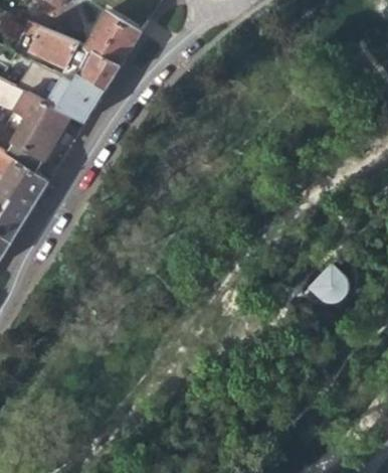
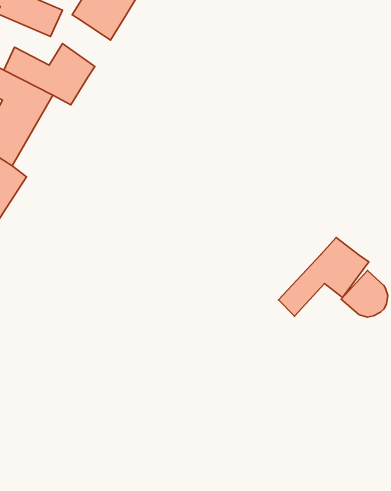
building: [77,49,118,90] -> none
building: none -> [279,237,369,316]

